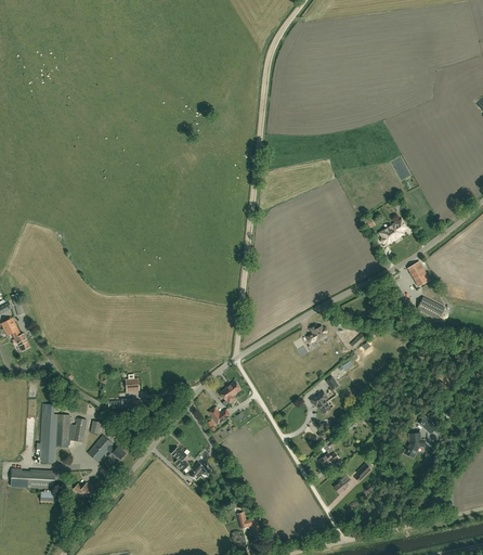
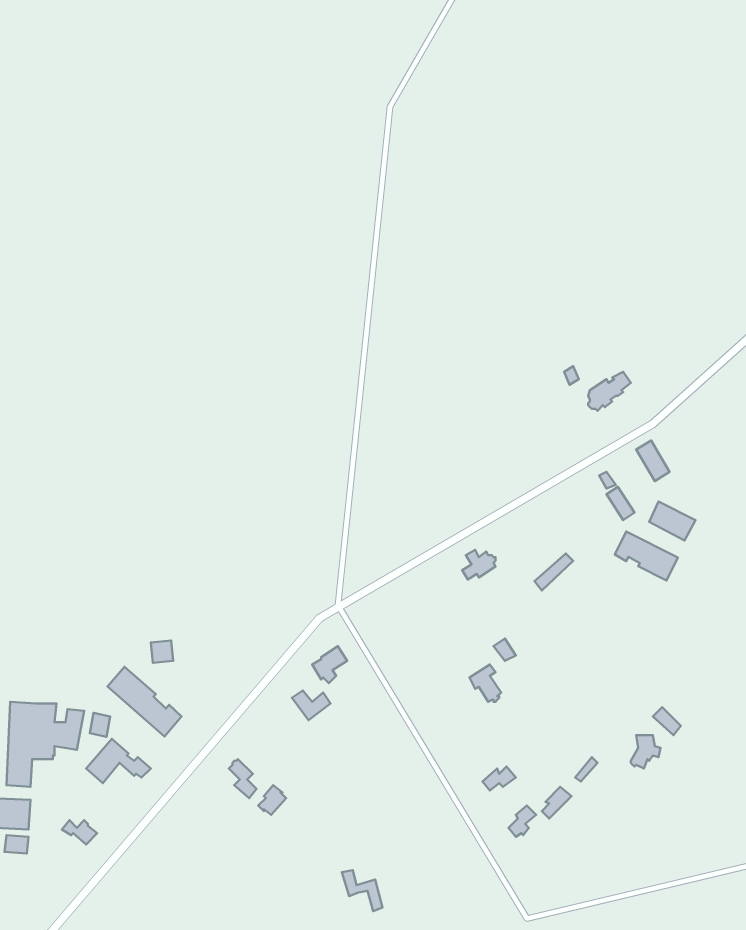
building: none -> [615,532,678,580]
building: none -> [108,667,182,737]

